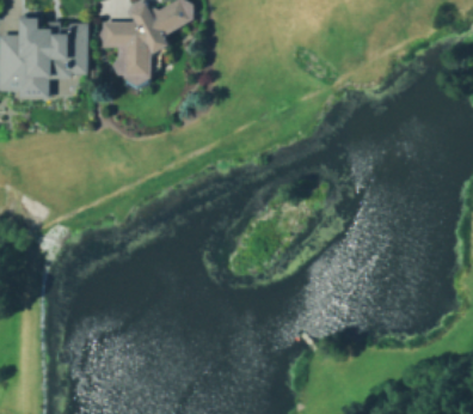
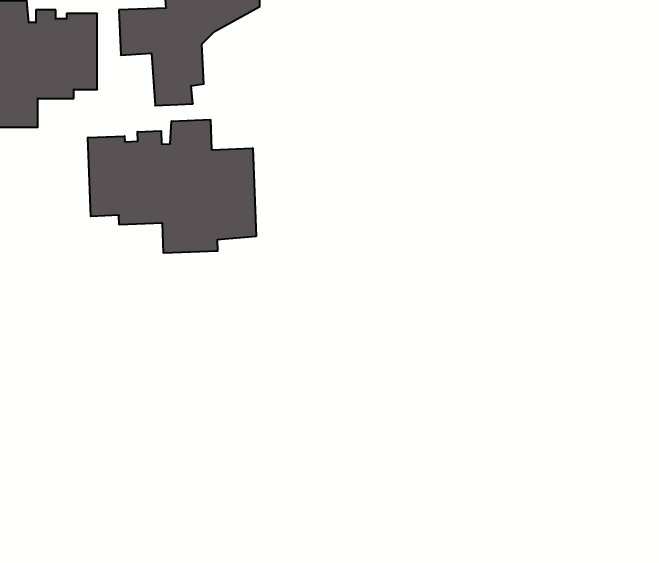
building: none -> [88,120,256,253]

